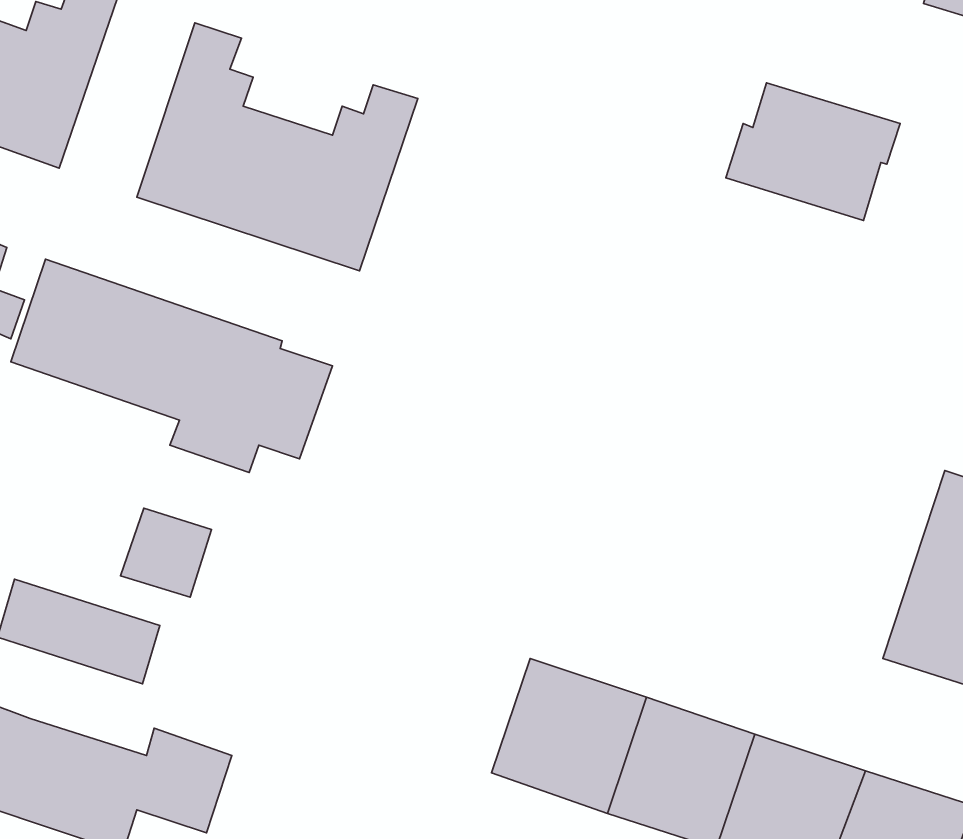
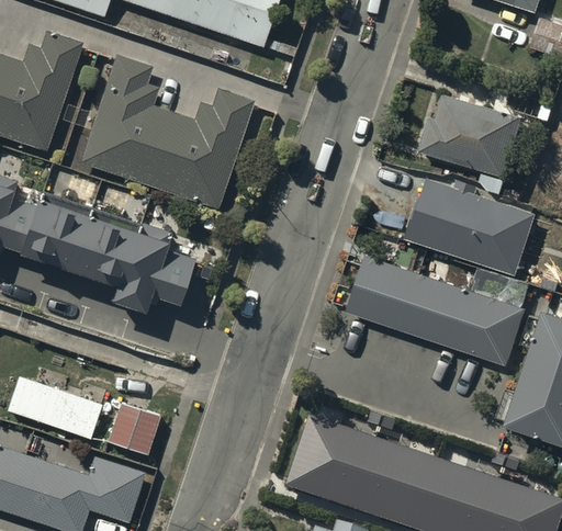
building: none -> [408,179,533,271]
building: none -> [349,257,522,361]
building: [120,508,212,597] -> [106,405,158,455]

